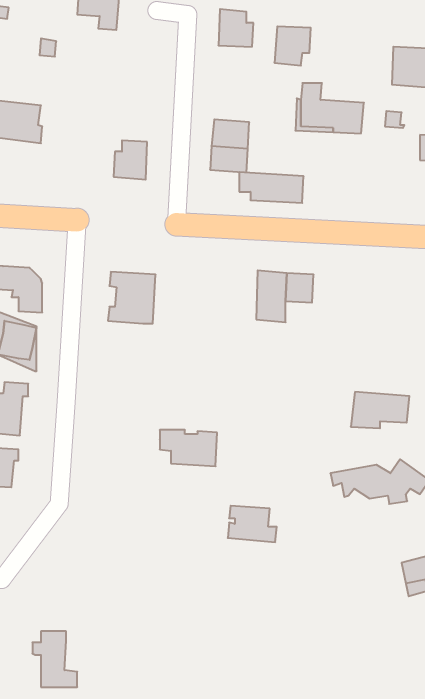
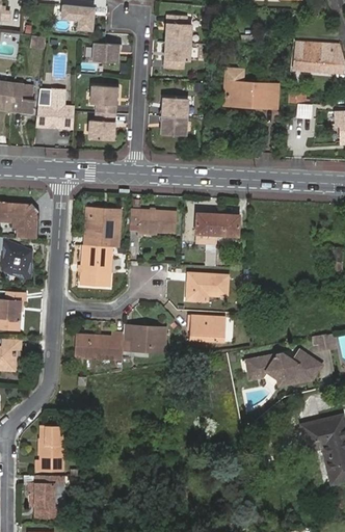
building: [274,26,311,66] -> [164,41,191,70]
building: none -> [92,41,117,61]
building: none -> [90,84,115,112]
building: none -> [36,88,75,128]
building: [239,172,304,203] -> [129,212,177,235]
building: none -> [80,245,110,287]
building: [351,392,409,428] -> [185,273,229,300]
building: none -> [75,334,123,361]
building: [228,506,277,542] -> [189,316,225,343]
building: none -> [35,426,62,470]

